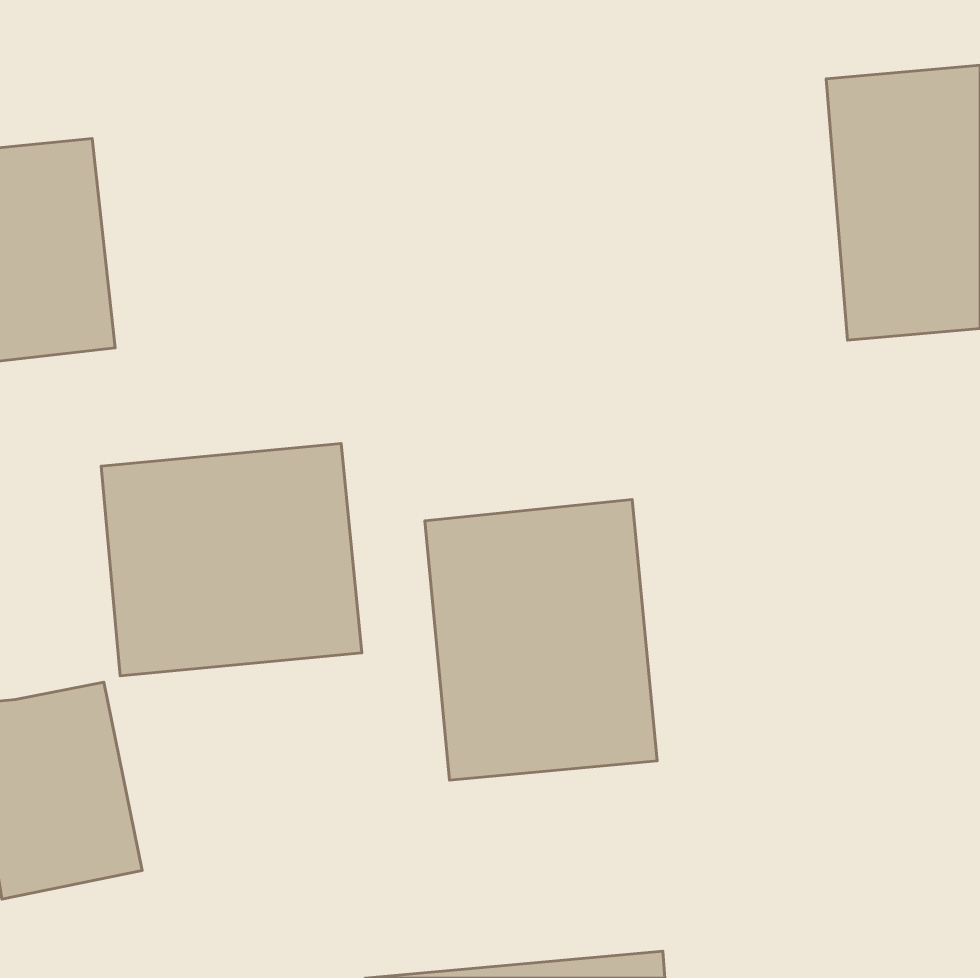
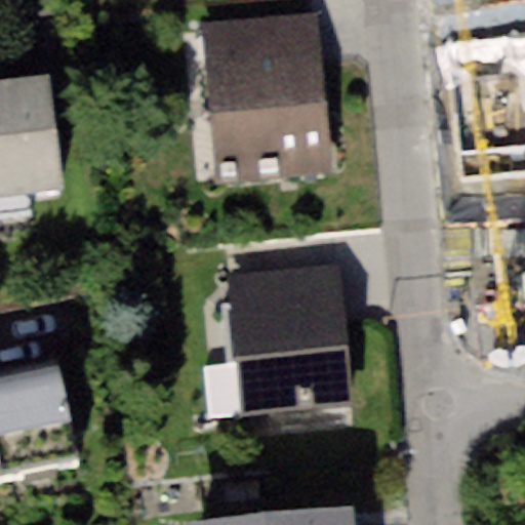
building: none -> [201,14,333,179]
building: [101,443,362,676] -> none

